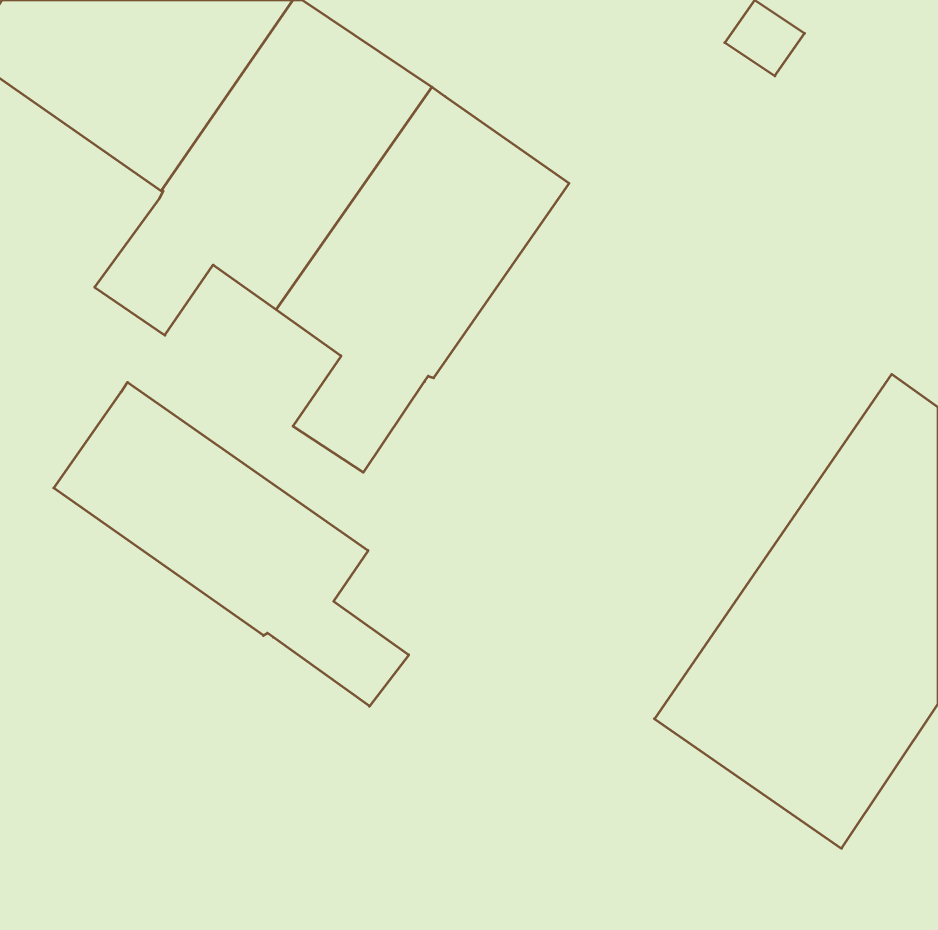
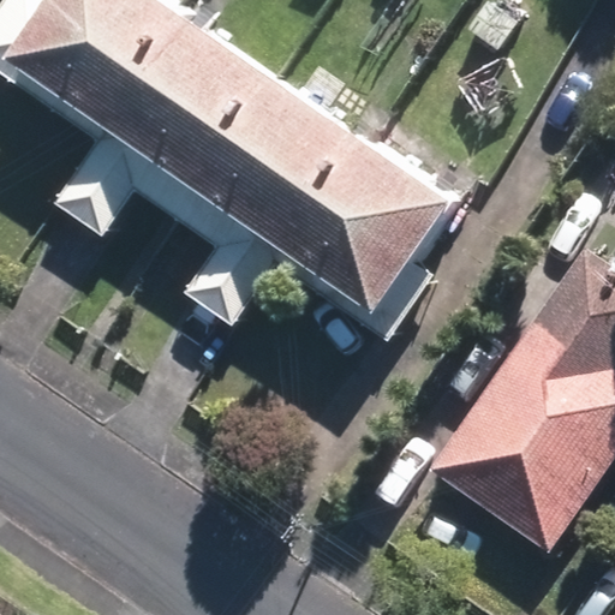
building: none -> [281,130,466,335]
building: [54,382,409,706] -> none

